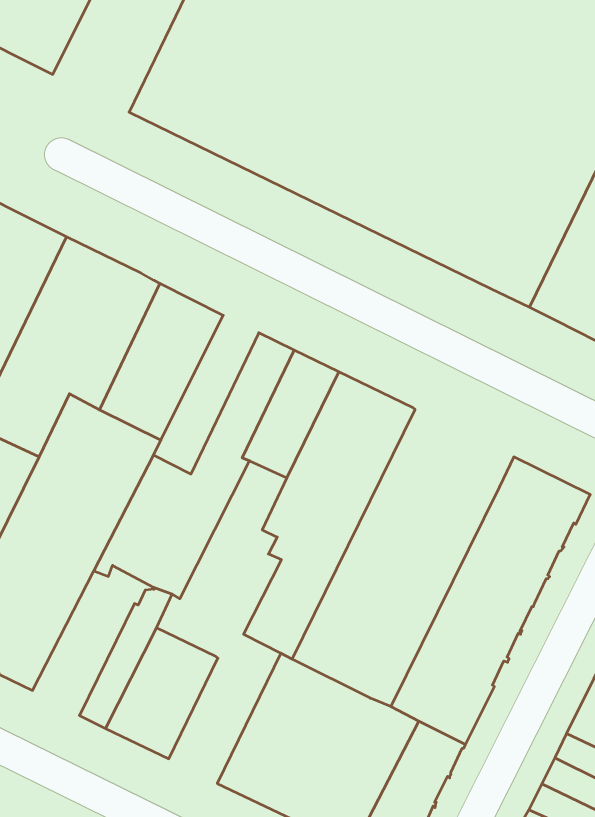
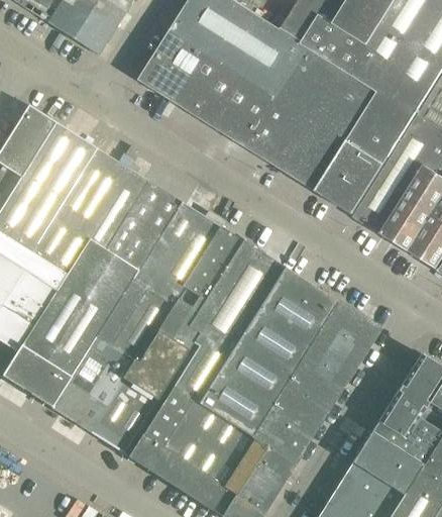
building: none -> [132,203,200,292]
building: none -> [199,269,338,437]
building: none -> [123,288,207,399]
building: none -> [48,339,124,423]
building: none -> [128,387,193,471]

